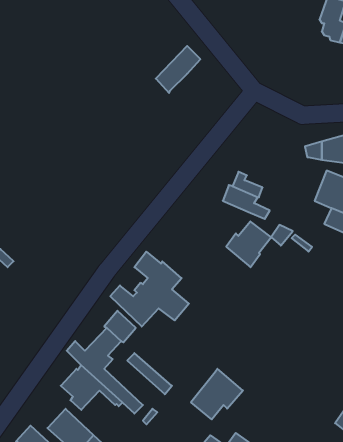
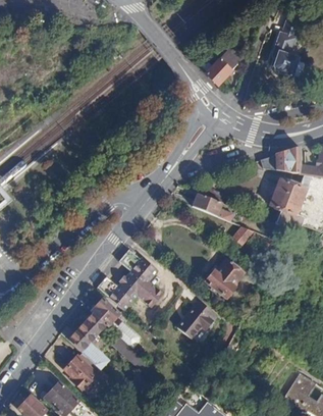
building: [156,46,200,93] -> [205,47,243,87]
building: [226,221,271,267] -> [206,260,244,299]
building: [191,369,243,419] -> [173,298,217,341]

